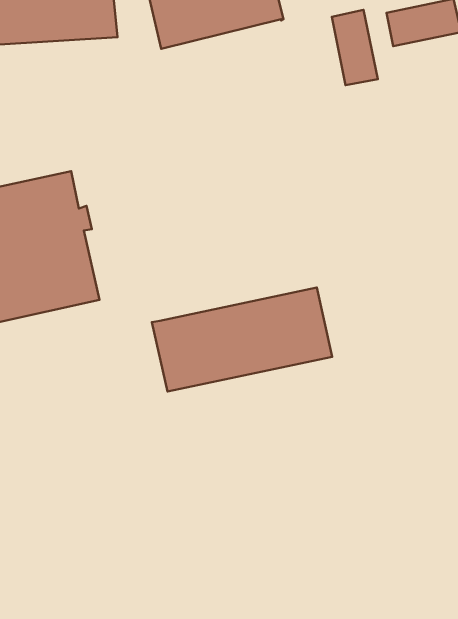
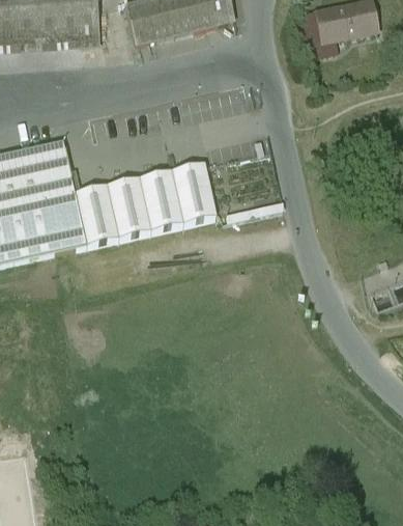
building: [332,10,378,85] -> none
building: [152,287,332,392] -> [71,162,217,246]

